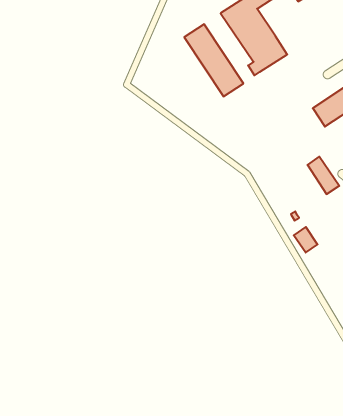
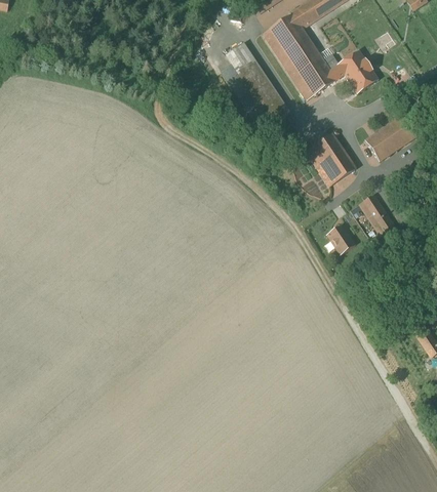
building: none -> [323,49,378,92]
building: none -> [307,133,355,184]
building: [294,227,318,253] -> [327,224,354,253]

